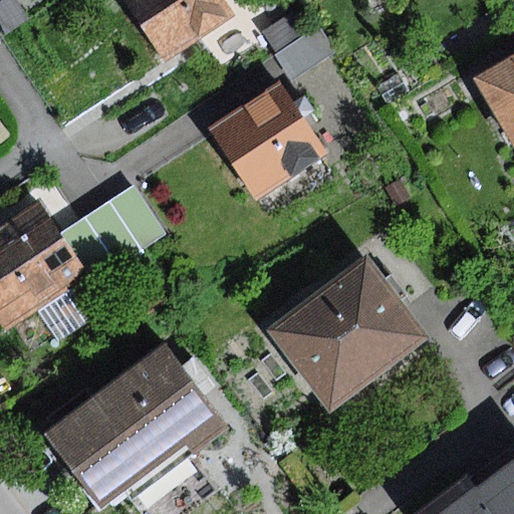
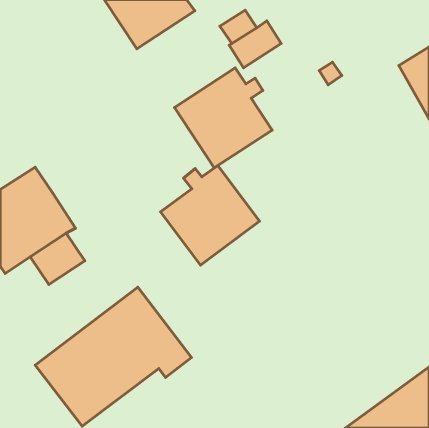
building: [63,185,167,281] -> none
building: none -> [161,165,259,265]
building: [271,259,427,409] -> none

